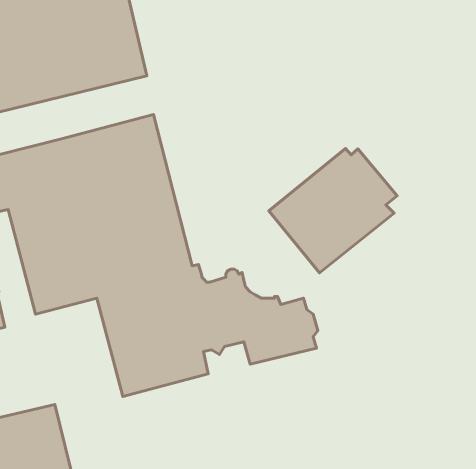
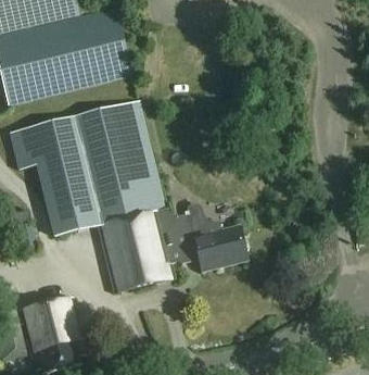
building: [269,148,397,273] -> none

